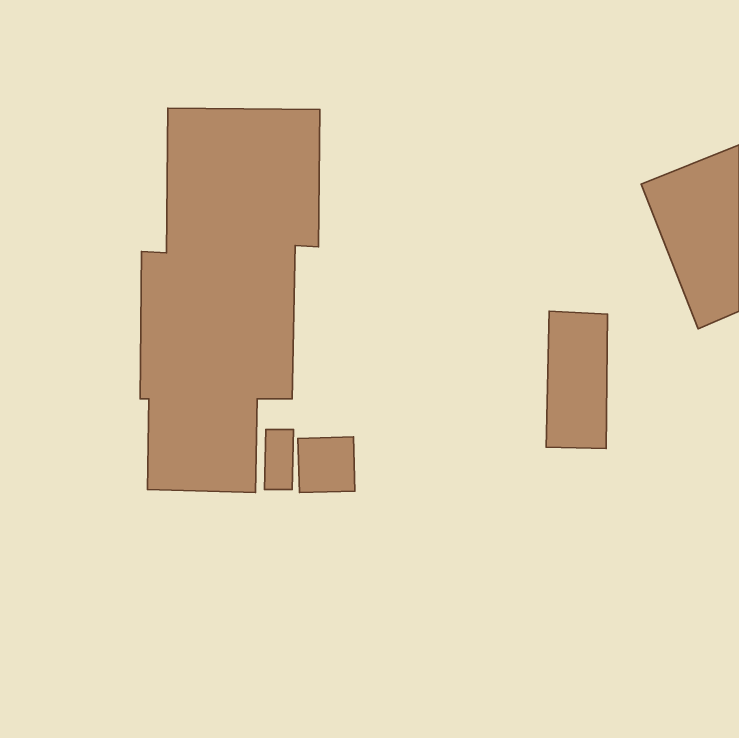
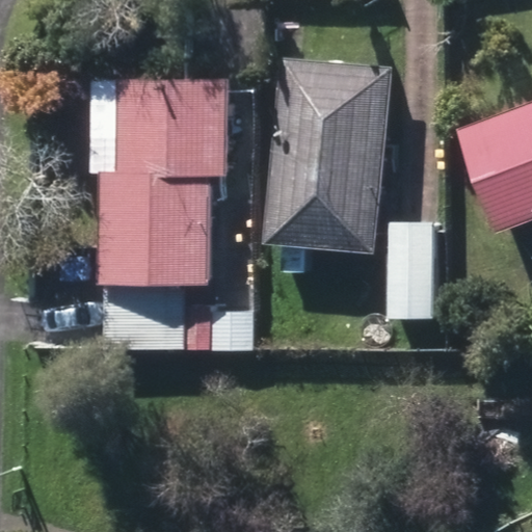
building: none -> [264,58,391,270]

